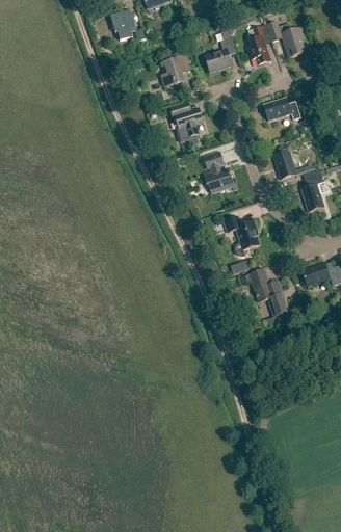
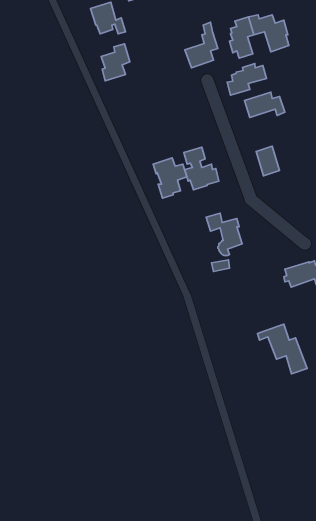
building: [161,51,189,87] -> [101,44,130,81]
building: none -> [227,64,266,95]
building: [170,102,204,141] -> [153,158,187,198]
building: [300,166,323,212] -> none
building: [241,267,290,316] -> [257,324,307,374]

